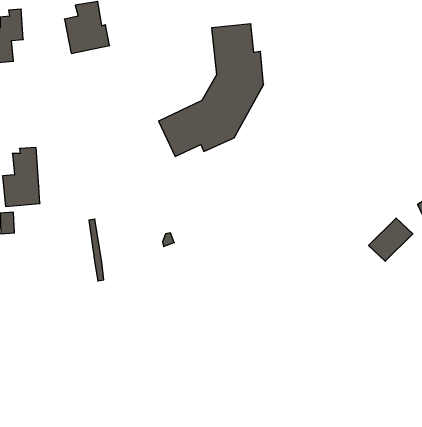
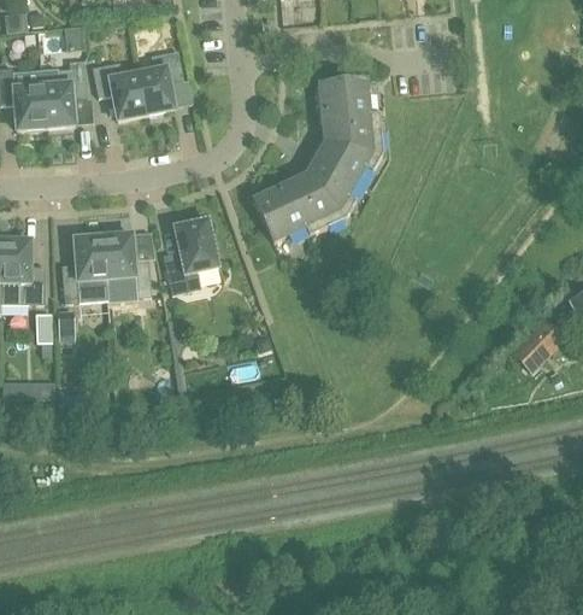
building: none -> [92,61,145,119]
building: none -> [161,215,217,294]
building: none -> [101,229,151,297]

